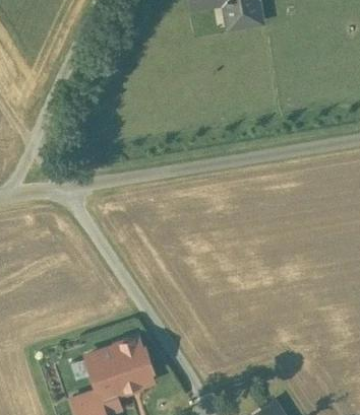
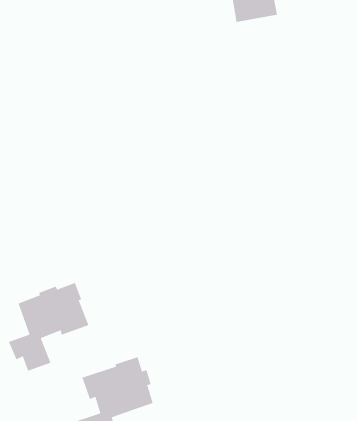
building: none -> [8,282,89,371]

